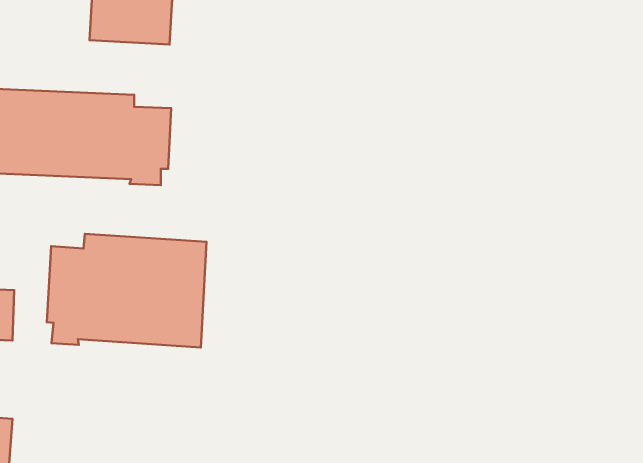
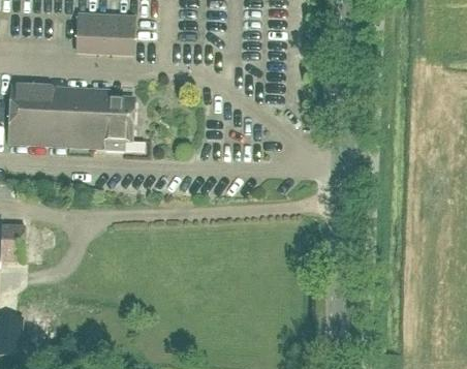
building: [47,234,206,347] -> none

